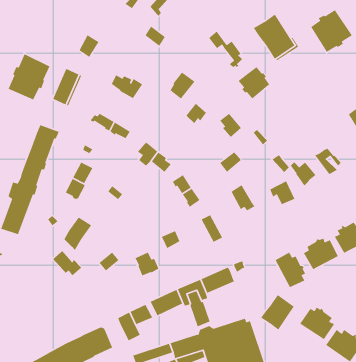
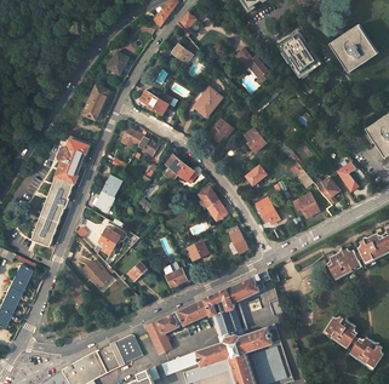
building: [7,53,50,101] -> none
building: [238,66,270,100] -> none
building: [274,251,306,288] -> none
building: [260,294,295,330] -> none

